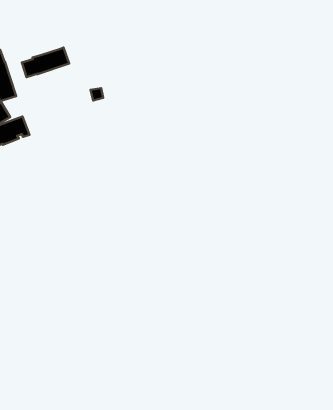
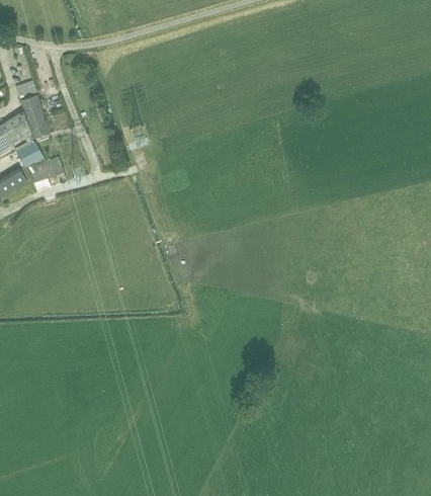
building: [22,47,69,77] -> none

